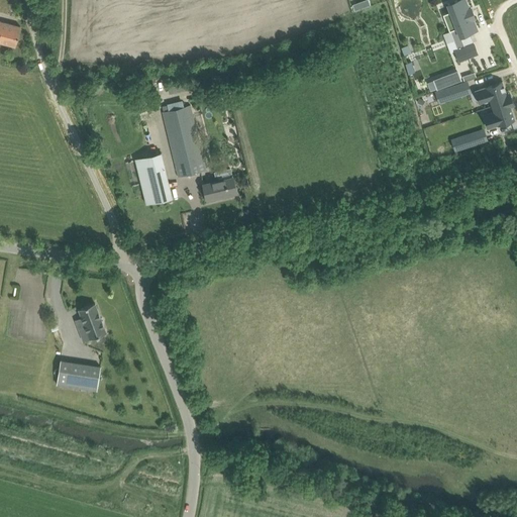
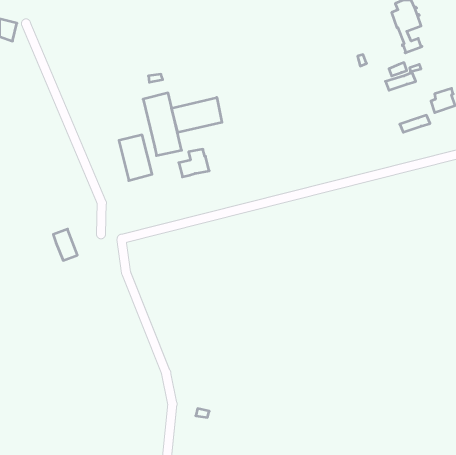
building: [479,84,510,108] -> none
building: none -> [172,97,222,133]
building: [78,305,105,340] -> [53,229,77,260]
building: [56,361,100,392] -> none

